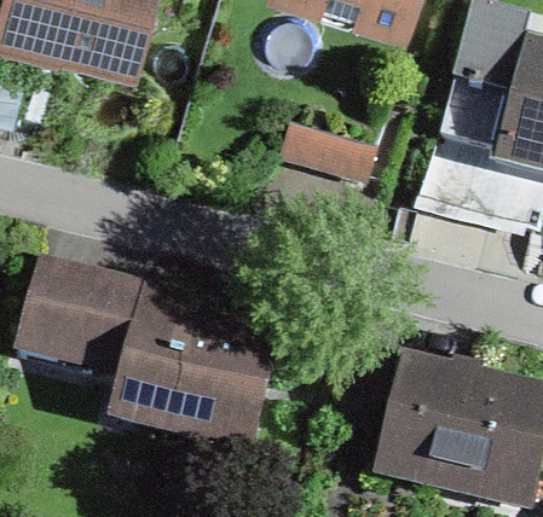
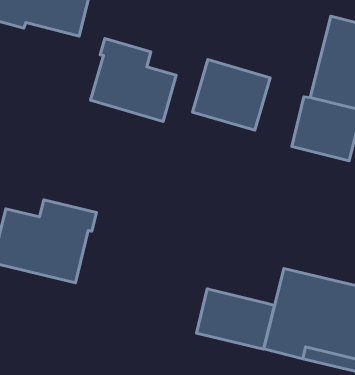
building: none -> [90,39,176,121]
building: [119,314,273,452] -> none
building: none -> [197,289,275,349]

